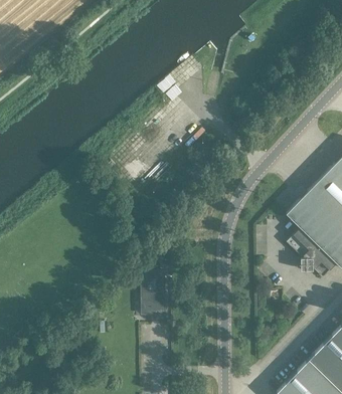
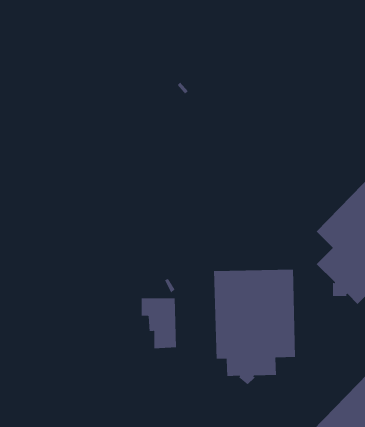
building: none -> [213,269,296,385]

